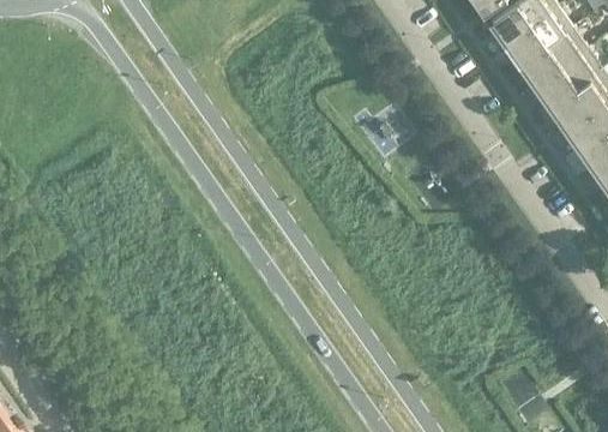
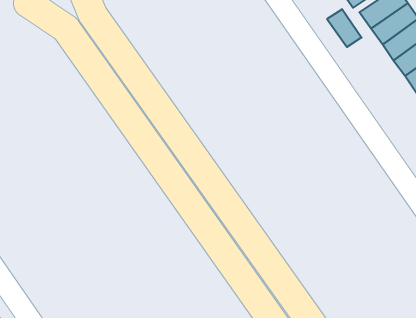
building: none -> [327,9,362,47]

